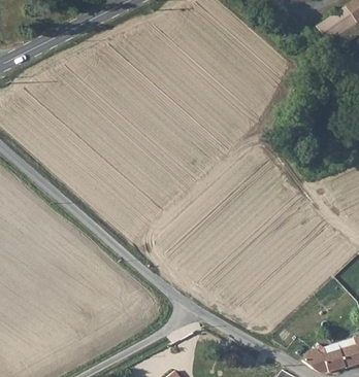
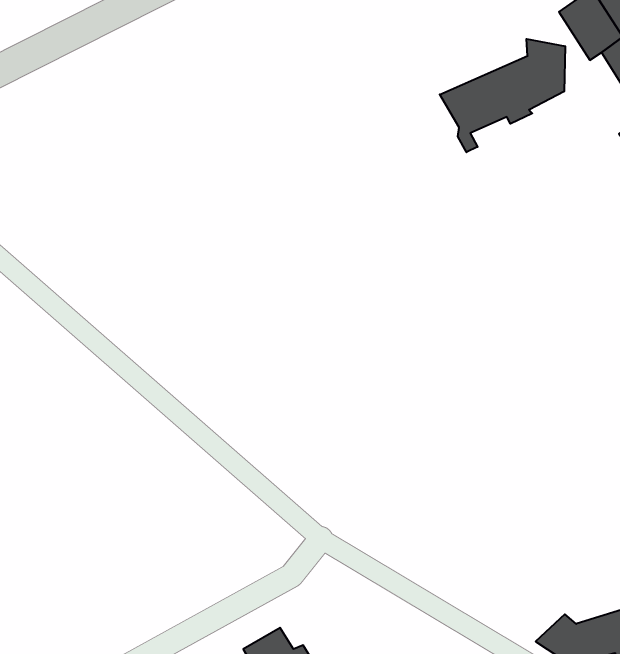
building: none -> [440,39,565,152]

